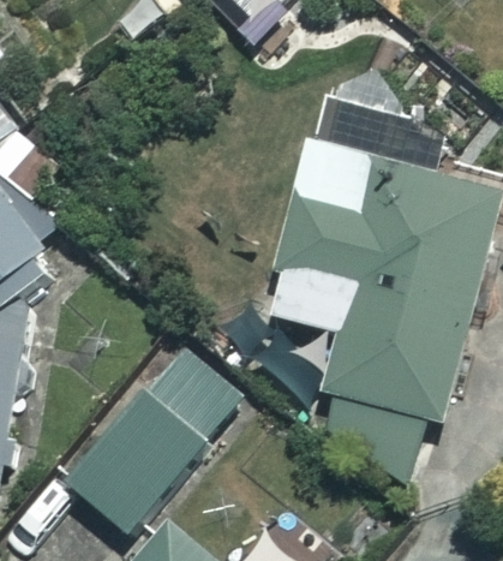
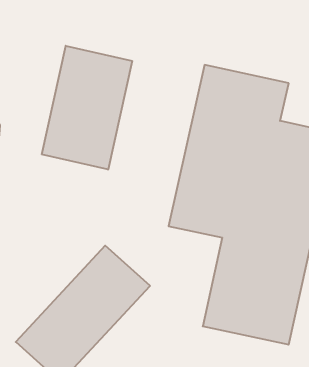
building: none -> [42,46,132,170]

